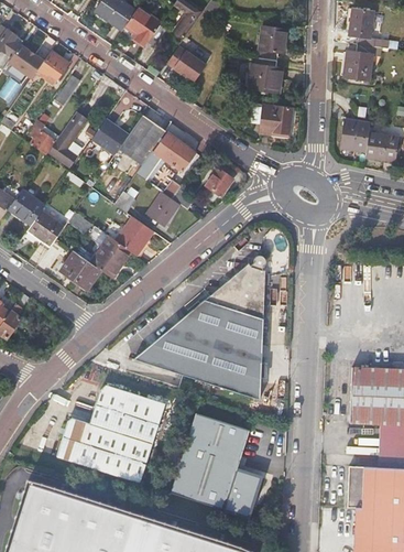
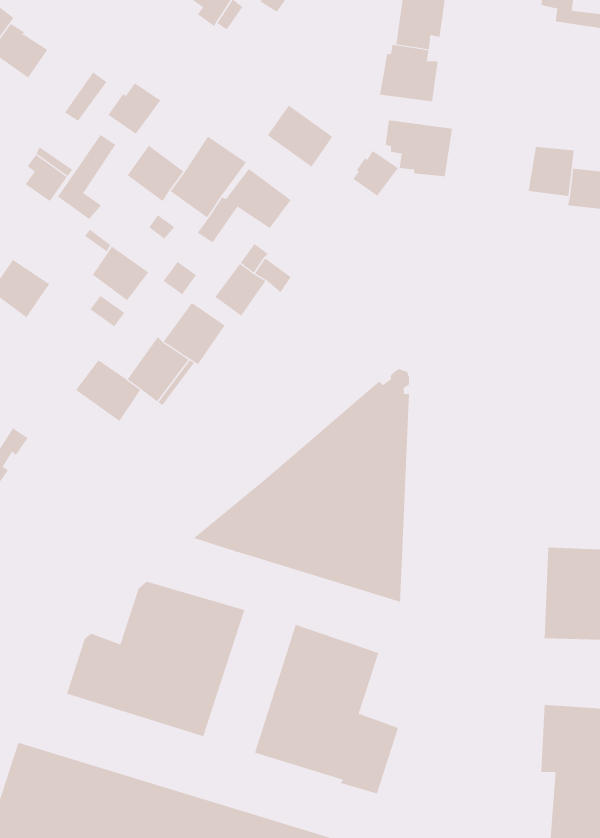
building: [341,43,369,79] -> none
building: [166,45,207,84] -> [267,105,333,167]
building: [36,52,69,84] -> [108,82,161,134]
building: [205,169,233,197] -> [352,150,399,197]
building: [28,213,63,247] -> [92,246,149,301]

